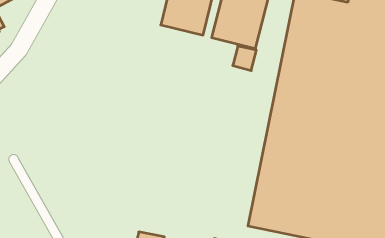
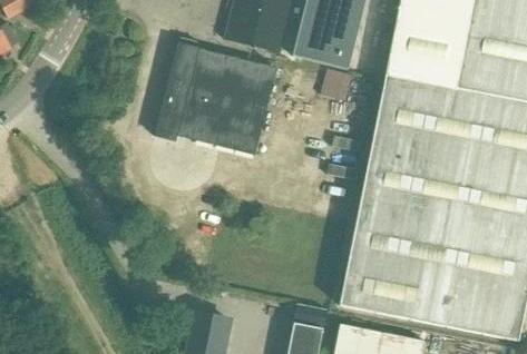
building: none -> [155,38,276,156]

